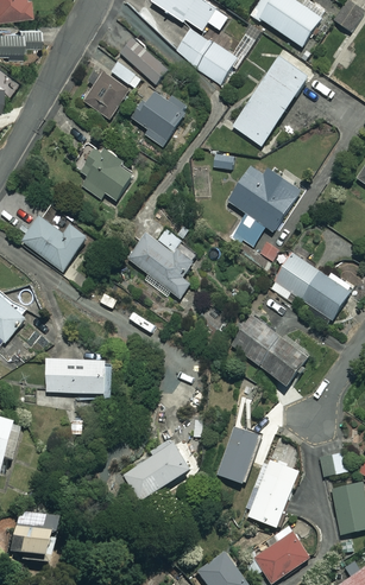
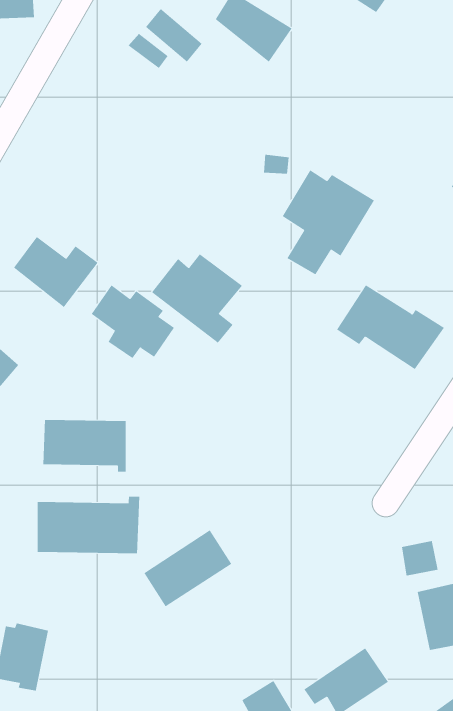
building: [232,50,311,146] -> none
building: [84,72,128,119] -> none
building: [133,90,189,146] -> none
building: [69,141,133,198] -> [91,284,175,359]
building: [229,314,311,386] -> none
building: none -> [37,496,140,554]
building: [218,425,259,482] -> none
building: [248,459,300,527] -> none

